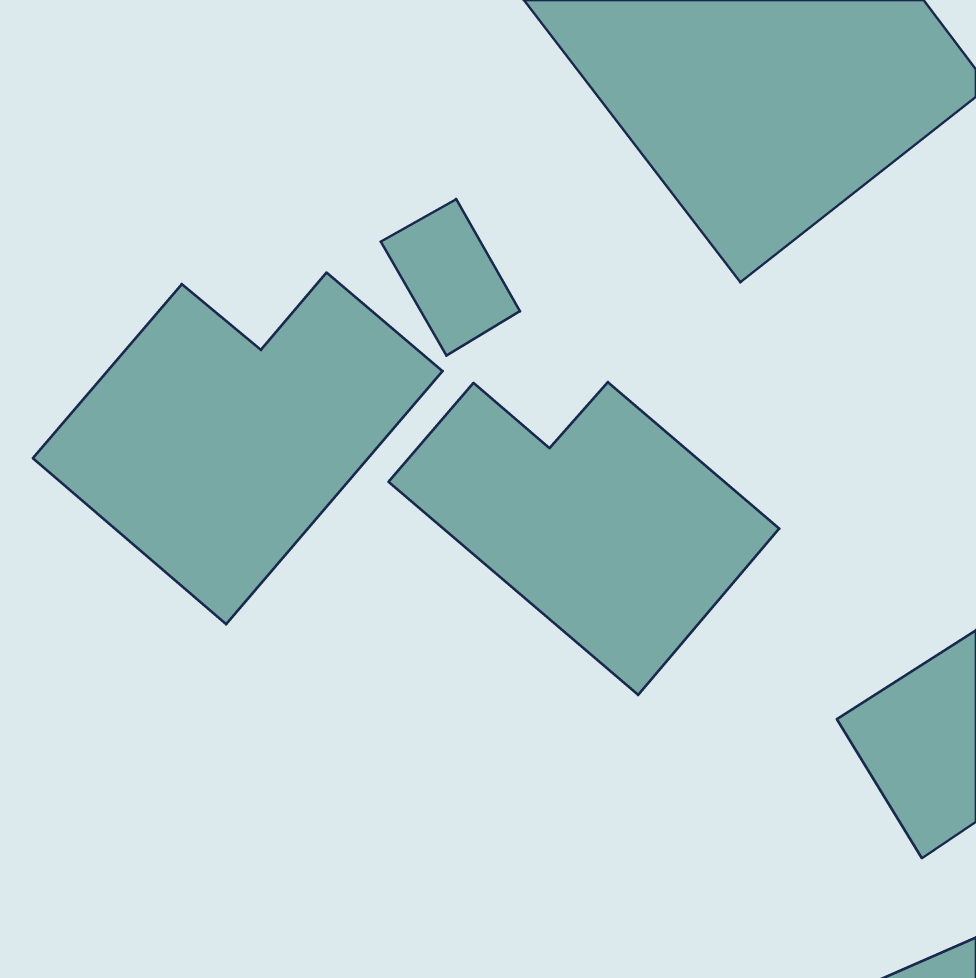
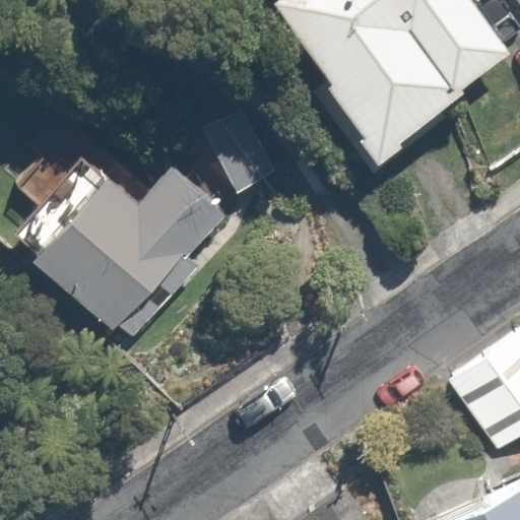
building: [389,382,779,695] -> none

